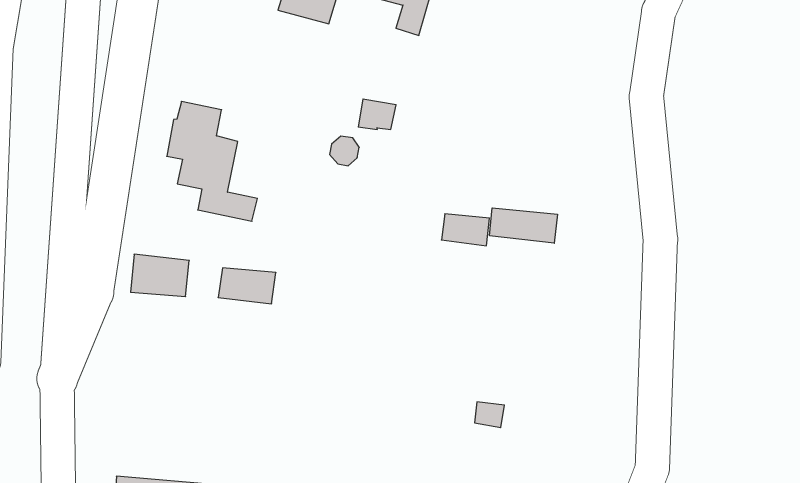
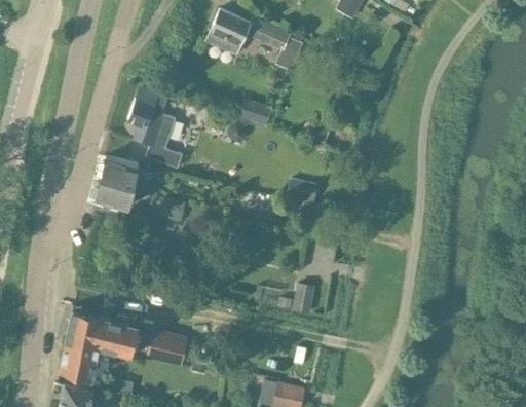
building: [490,208,557,243] -> none
building: none -> [102,157,140,187]

